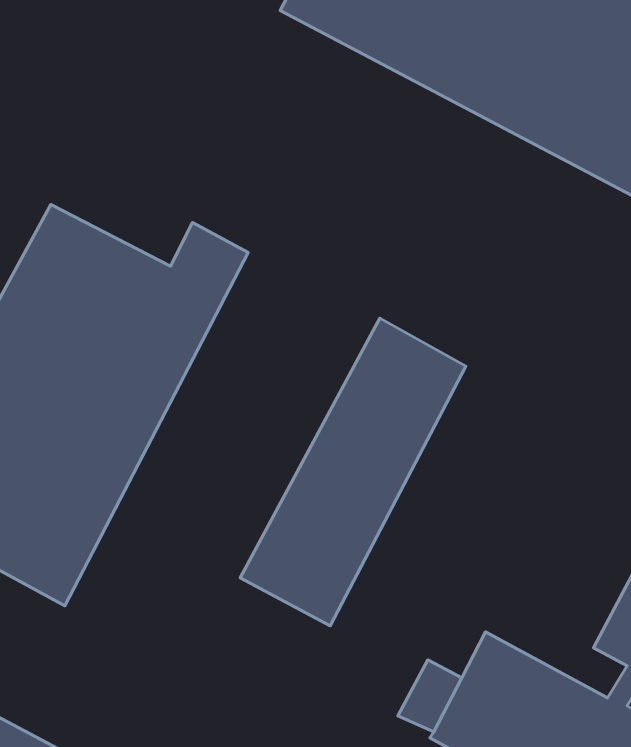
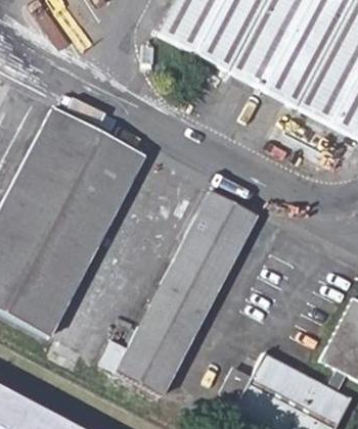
building: none -> [43,110,116,164]
building: none -> [116,324,186,395]

